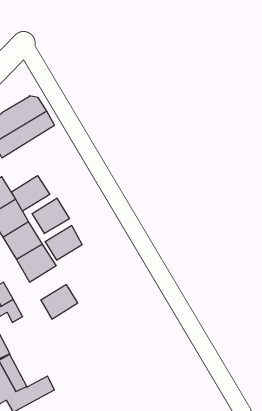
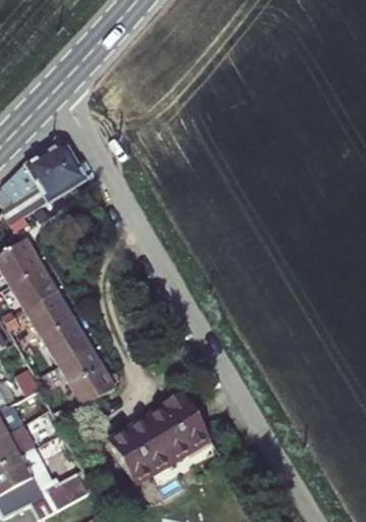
building: [11,176,50,211] -> none
building: [32,198,69,234] -> none
building: [45,226,82,260] -> [58,344,102,384]
building: none -> [109,390,210,482]

